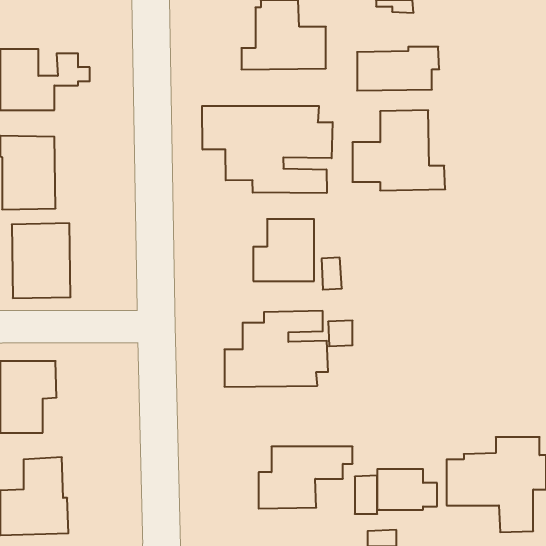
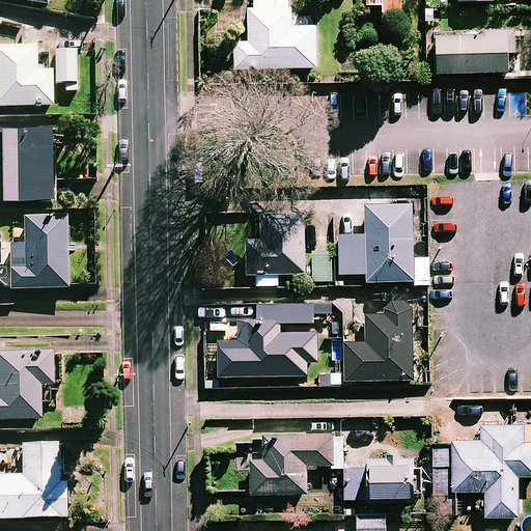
building: [357,47,439,91] -> [436,30,515,73]
building: [202,106,333,193] -> none
building: [352,110,445,190] -> [339,203,429,281]
building: none -> [345,301,413,381]

